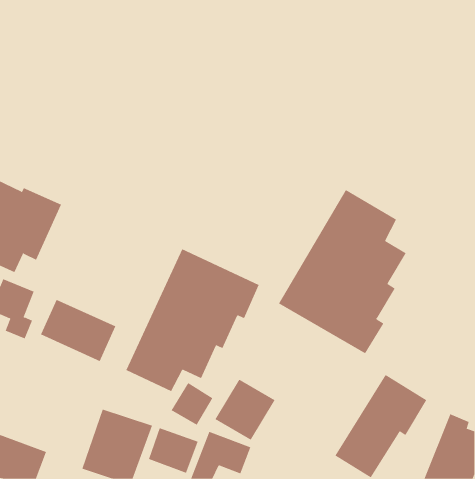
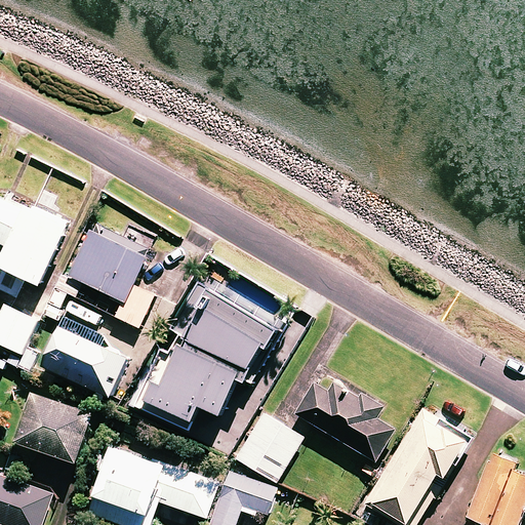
building: [278,189,407,354] -> none
building: none -> [69,230,153,328]
building: none -> [294,374,393,461]
building: none -> [16,393,92,462]
building: [171,382,213,426] -> none

